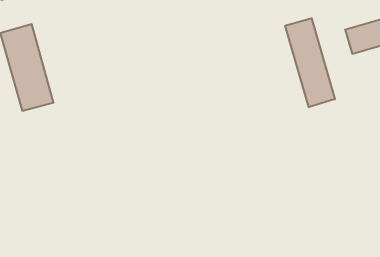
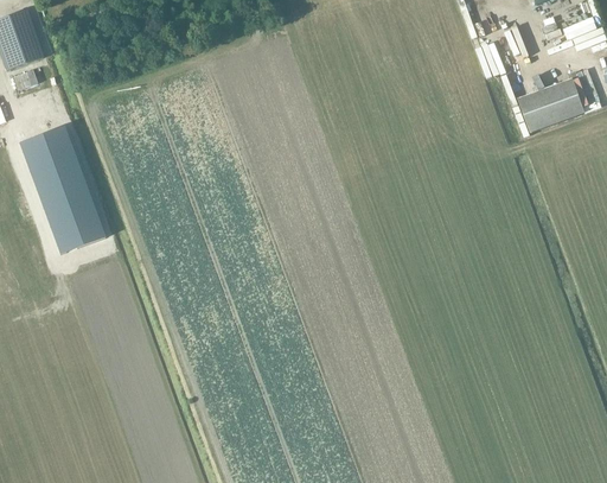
building: [285,18,335,107] -> none

